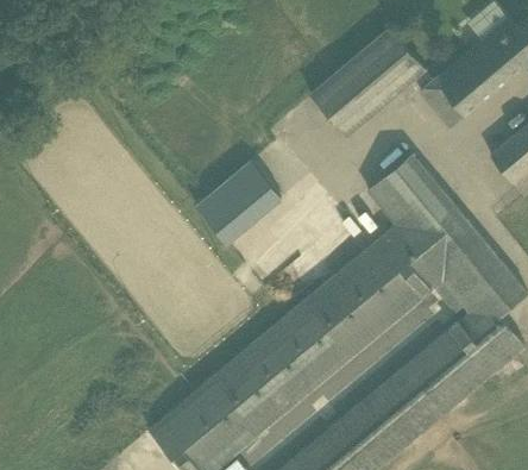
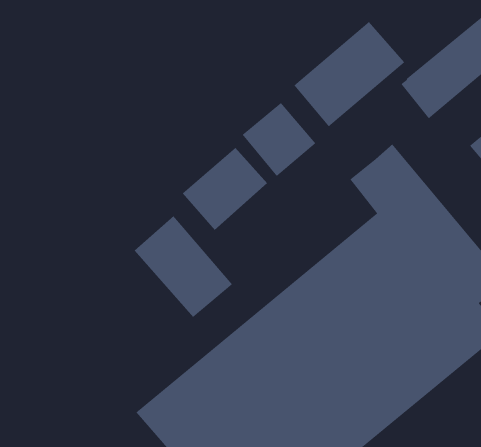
building: none -> [242,102,316,177]
building: none -> [134,216,233,318]

